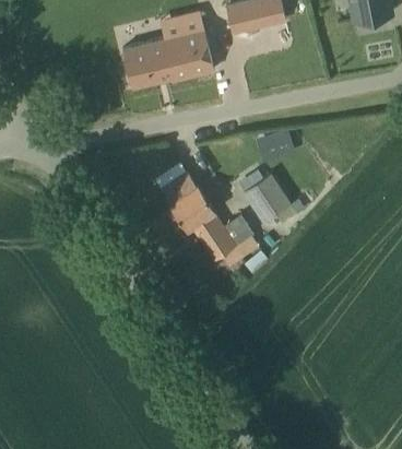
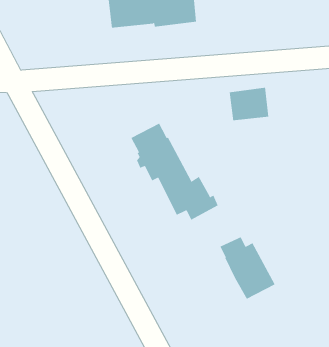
building: [238,169,296,229] -> [220,237,275,299]

